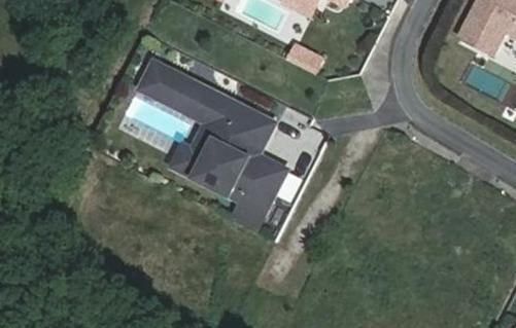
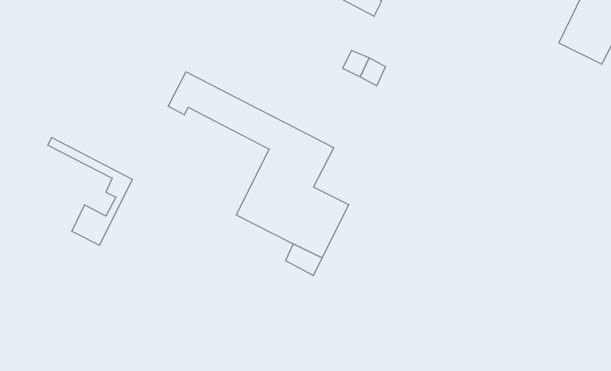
building: [153,89,222,177] -> [48,138,132,245]

